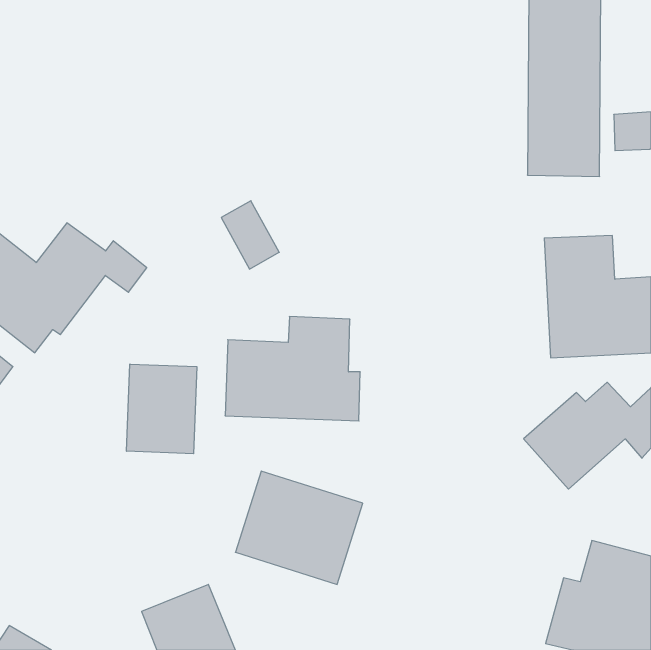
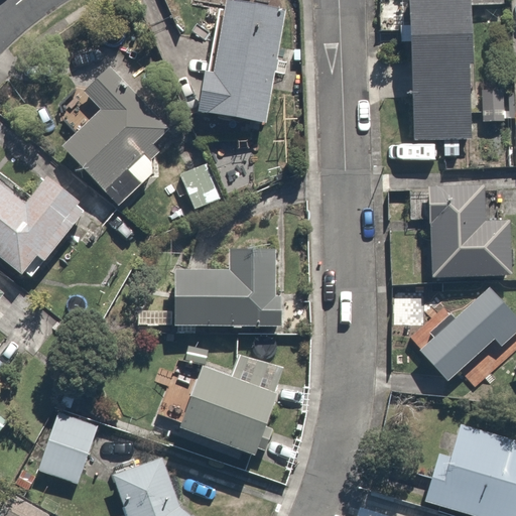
building: none -> [202,7,283,122]
building: none -> [52,63,168,205]
building: [127,364,197,454] -> none
building: none -> [38,409,97,480]

